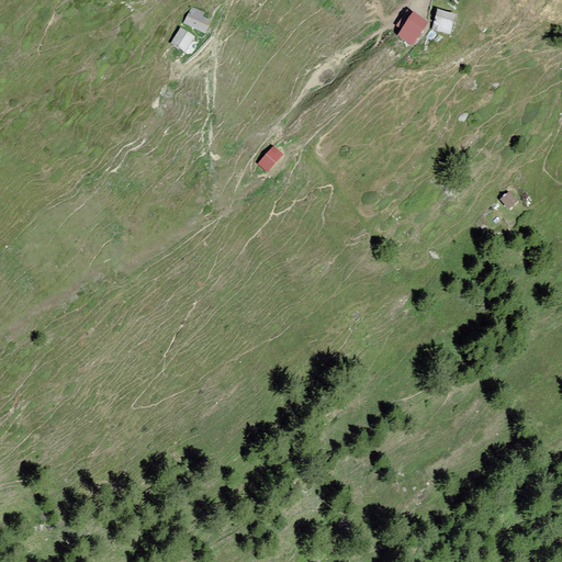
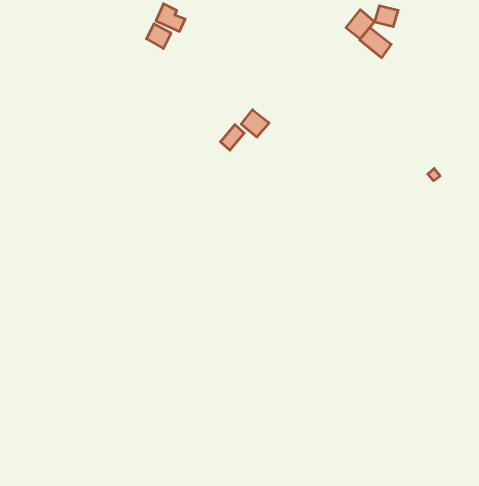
building: none -> [360,28,391,58]
building: none -> [241,110,269,137]

